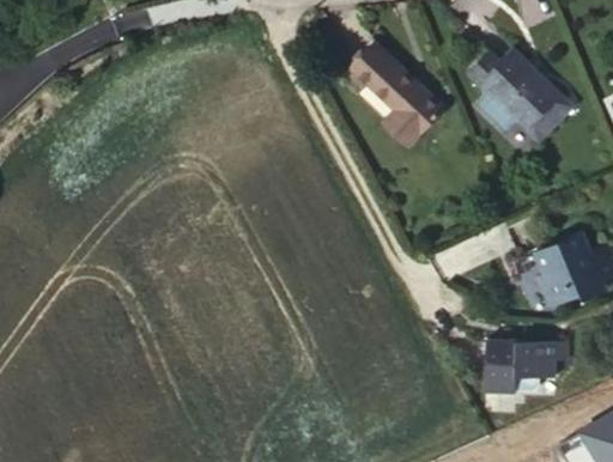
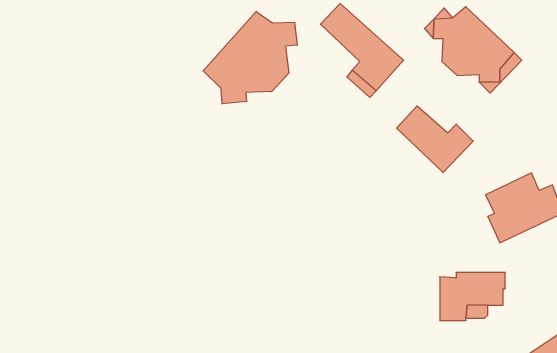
building: none -> [203,11,297,104]
building: none -> [397,106,473,173]

